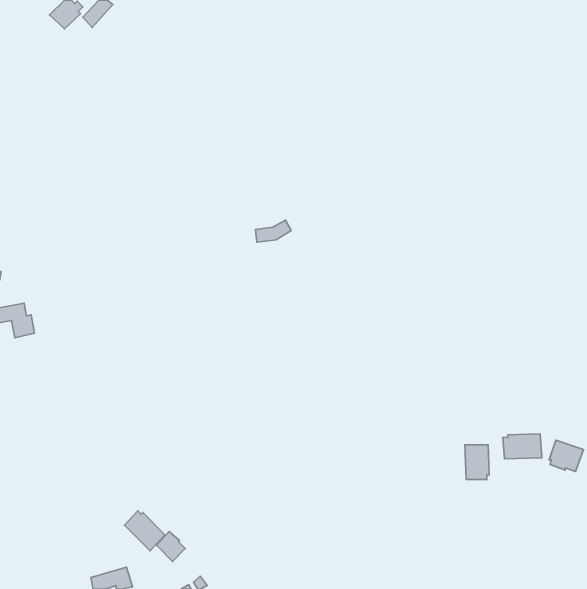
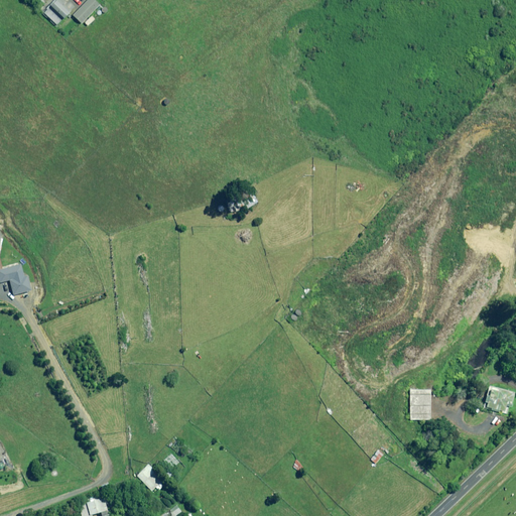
building: [503,434,542,459] -> none
building: [124,511,165,551] -> none

